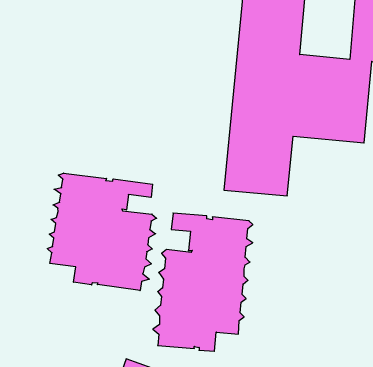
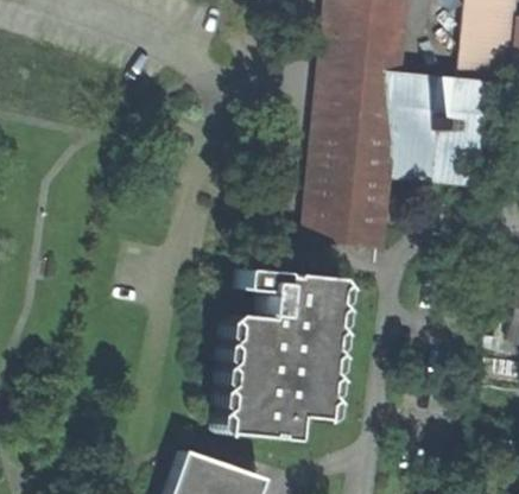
building: [47,173,157,291] -> none

